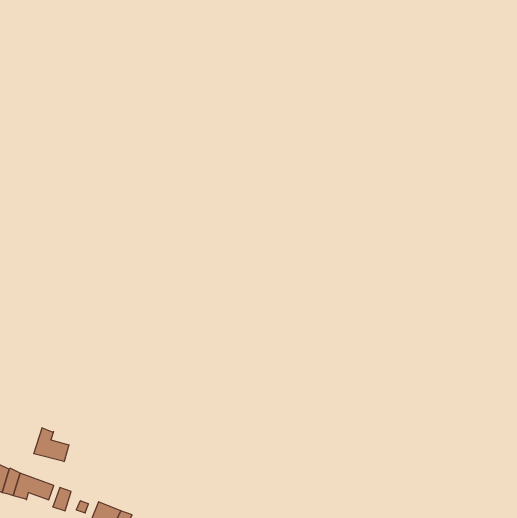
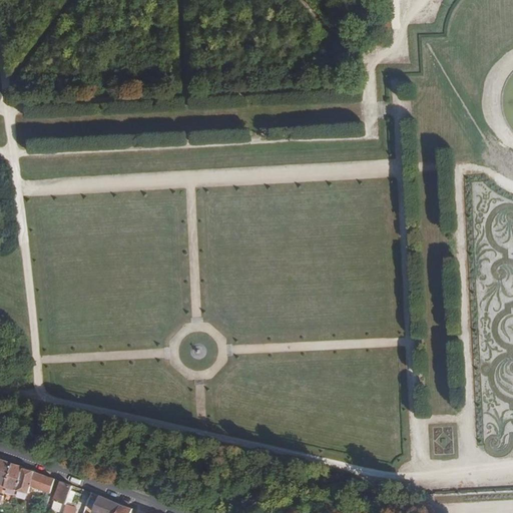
building: [34,428,69,462] -> none

